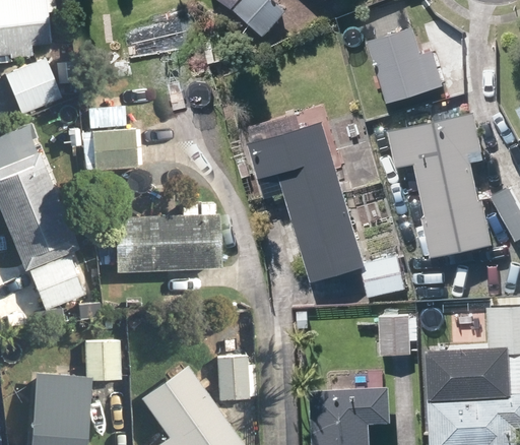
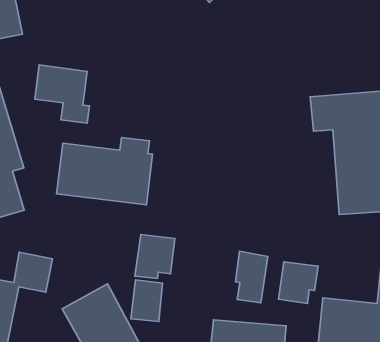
building: [367,28,443,105] -> none
building: [244,114,405,301] -> none
building: none -> [135,235,175,279]
building: none -> [235,251,268,303]

